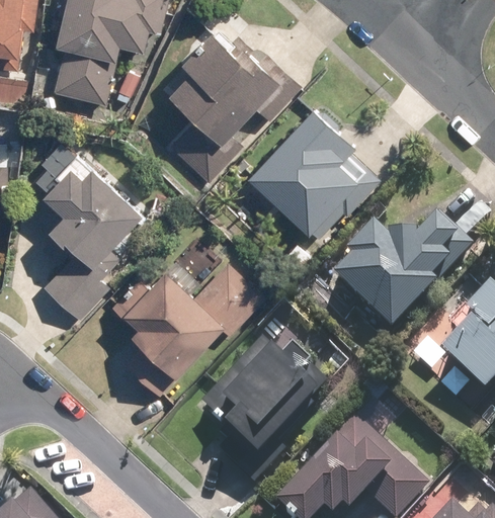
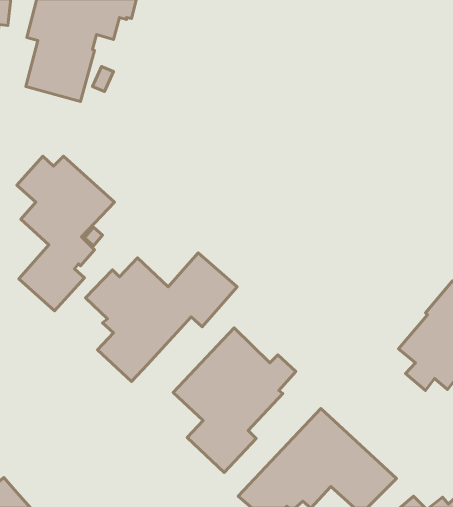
building: [168,23,303,179] -> none
building: [242,109,384,244] -> none
building: [321,214,464,334] -> none

